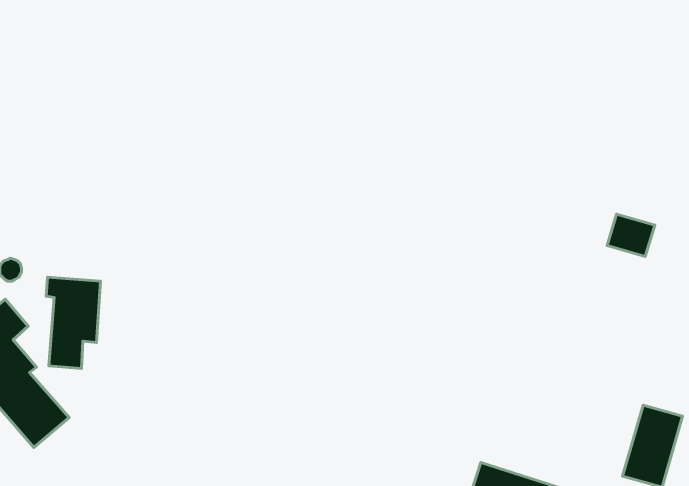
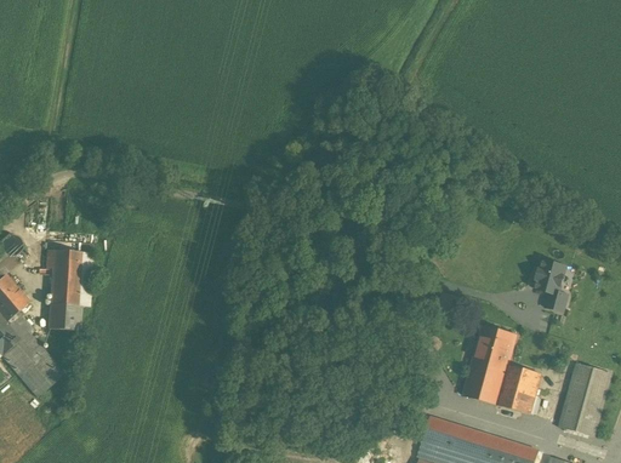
building: [607,214,655,257] -> [532,259,575,297]
building: none -> [458,325,540,415]

